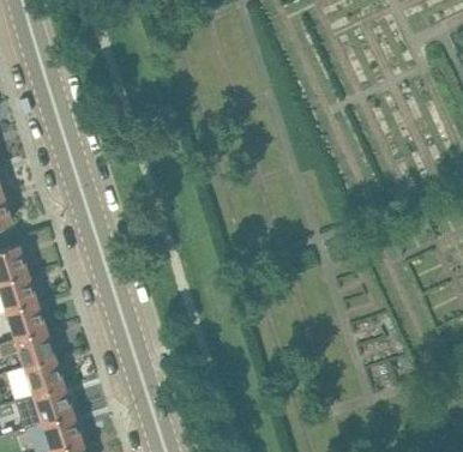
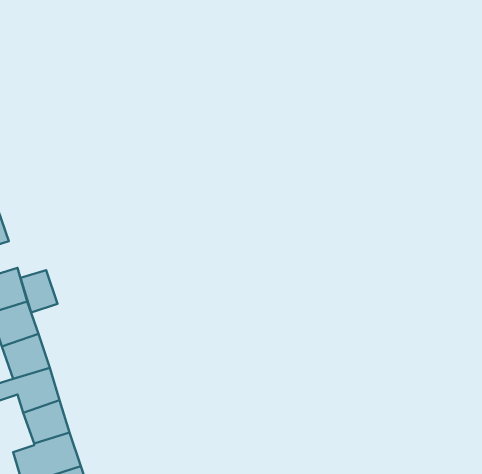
building: none -> [20,270,58,312]

